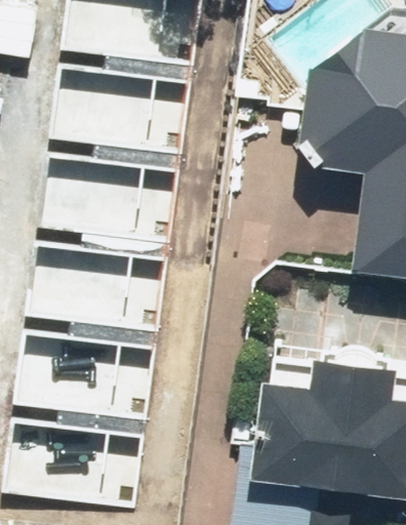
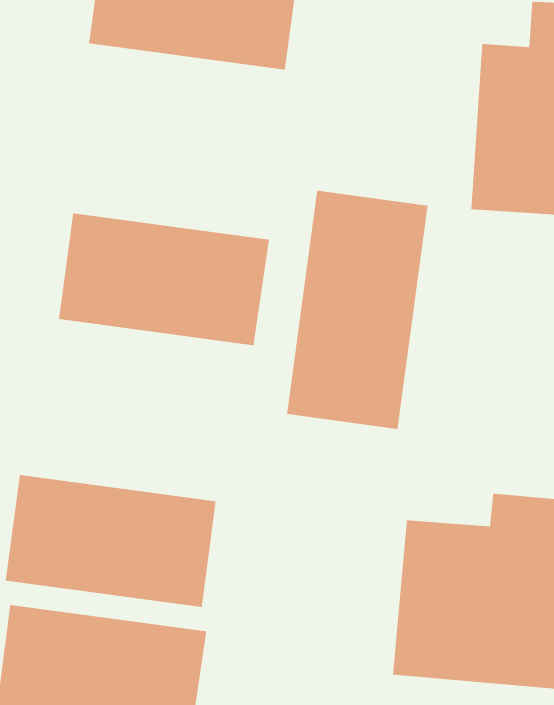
building: [42,78,180,165] -> none
building: none -> [287,190,428,430]
building: [24,249,161,336] -> none

